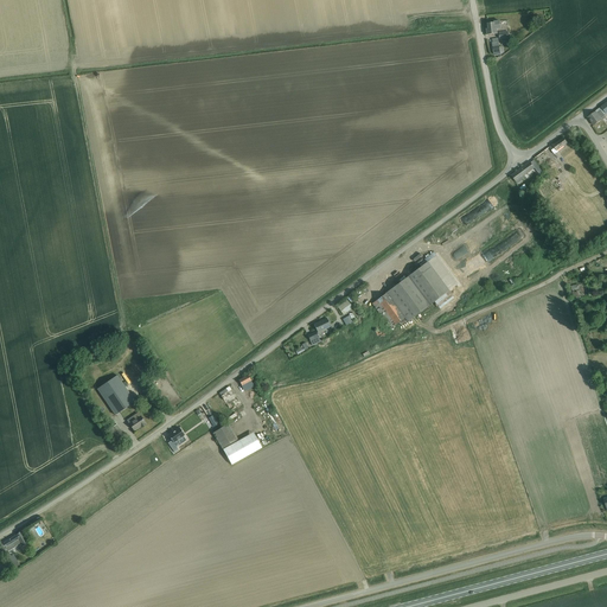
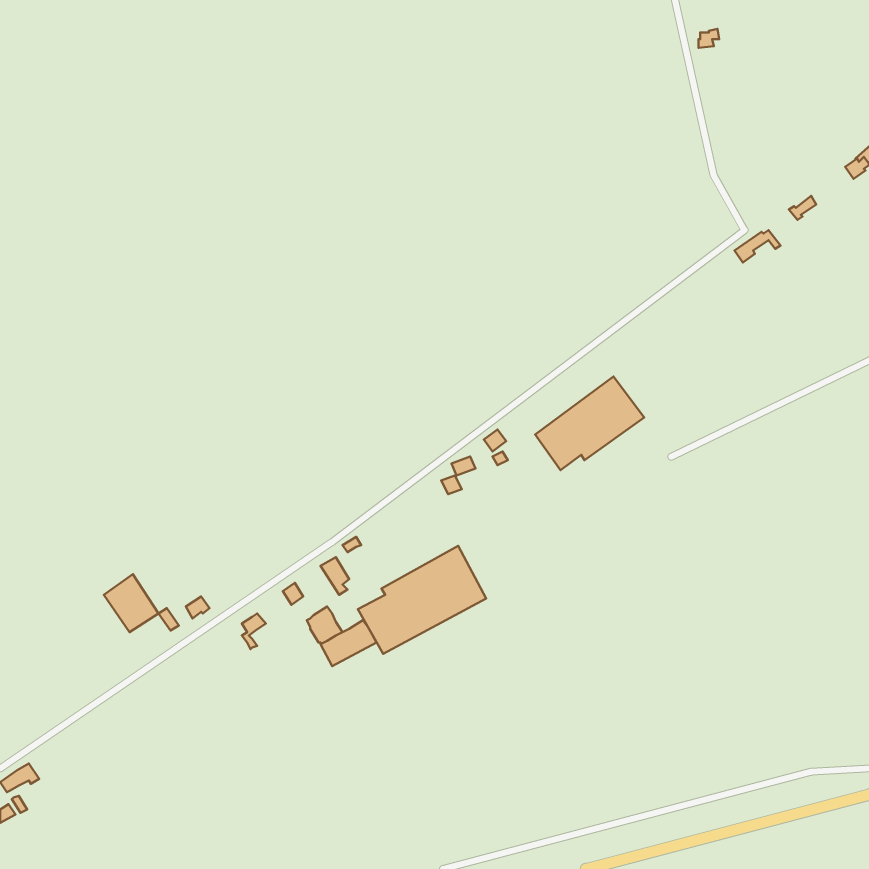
building: [98,373,136,414] -> [104,574,158,632]
building: none -> [358,546,486,654]

